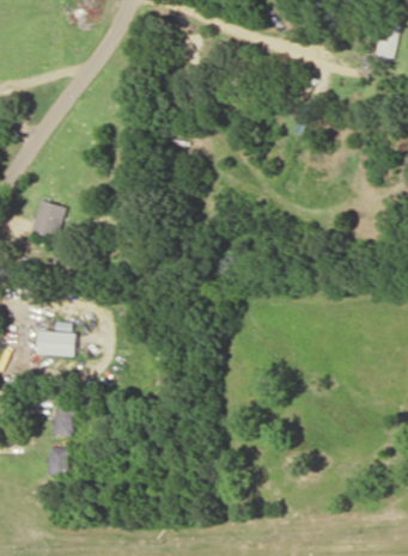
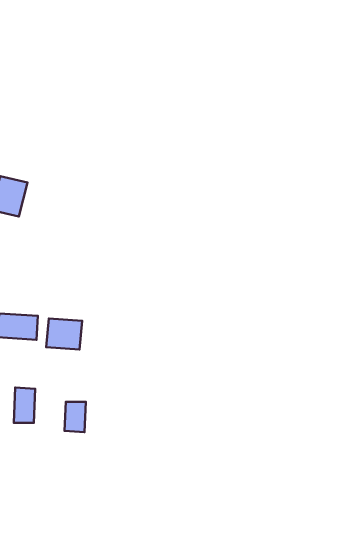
building: none -> [46,319,82,349]
building: [47,447,67,476] -> [65,402,86,432]

